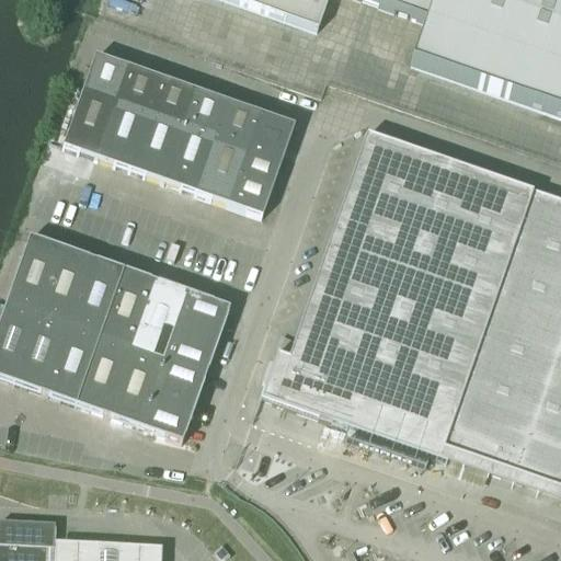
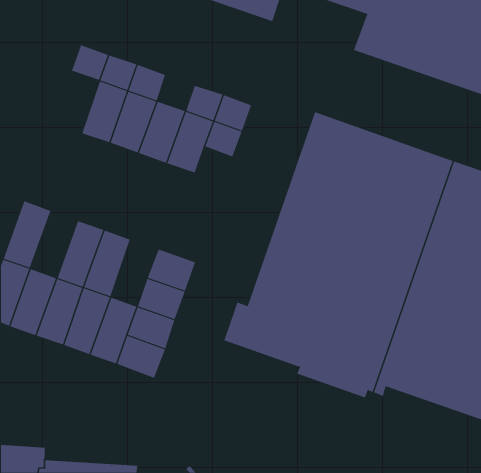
building: [64,82,118,154] -> none
building: [185,87,228,128] -> none
building: [229,170,273,213] -> none
building: [38,244,93,322] -> none
building: [131,277,186,355] -> none

